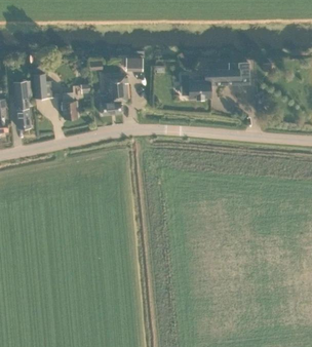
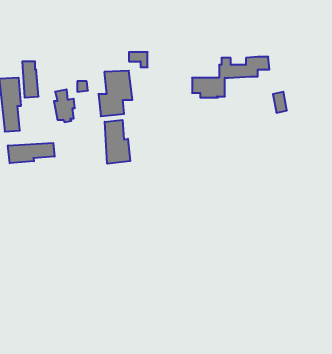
building: none -> [105,120,130,164]
building: none -> [8,143,55,163]

